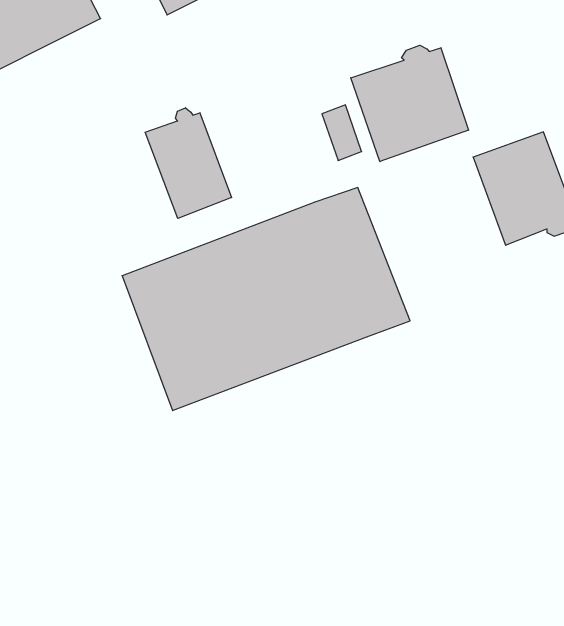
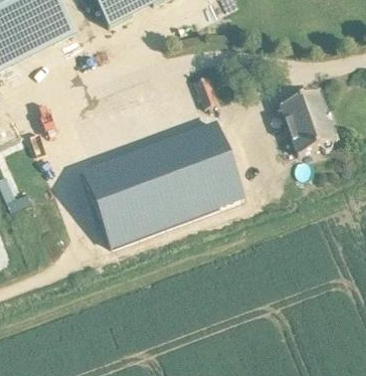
building: [351,45,469,162] -> none
building: [145,108,232,218] -> none

